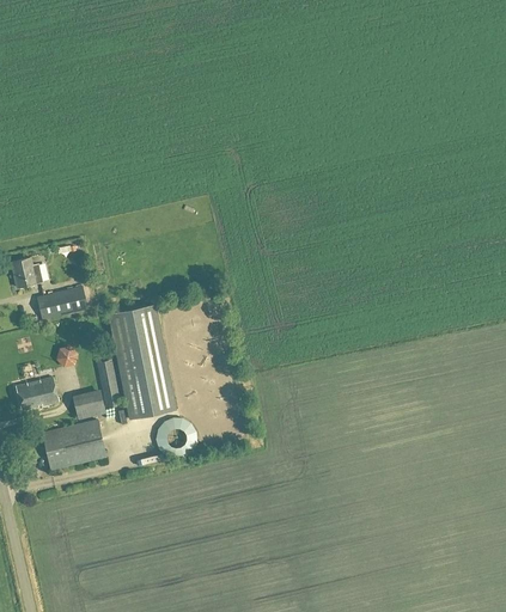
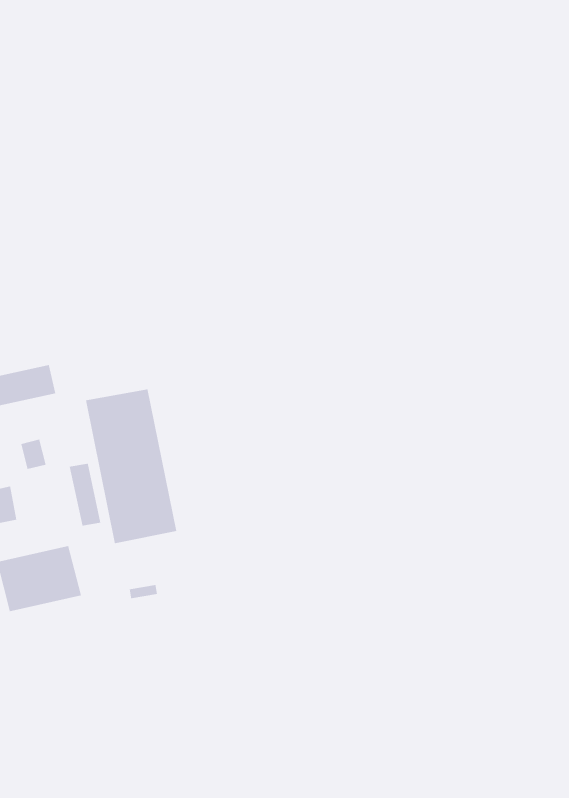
building: [72,388,105,420] -> none

